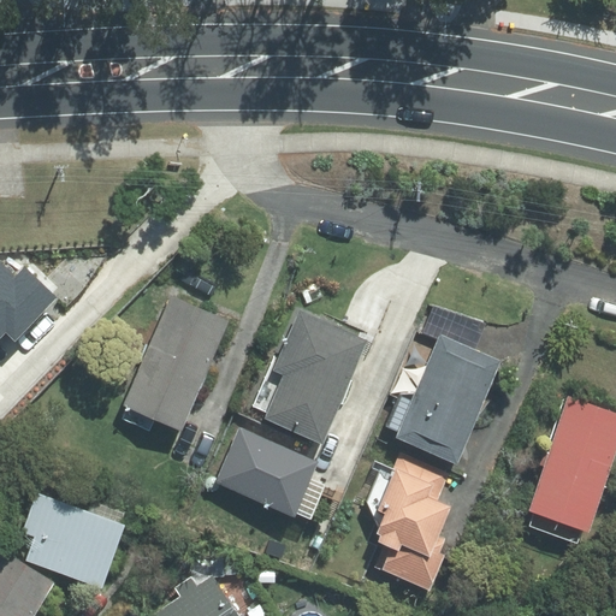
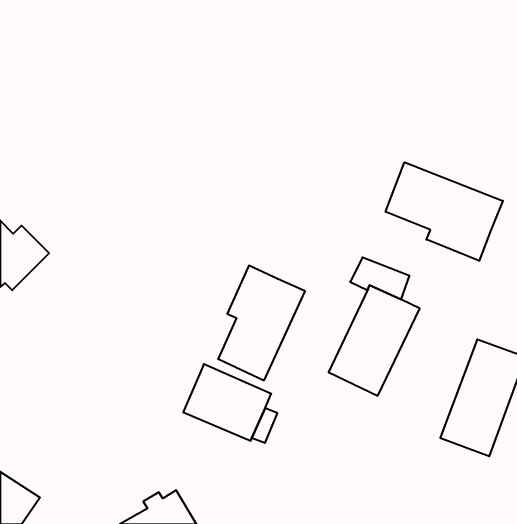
building: none -> [386,162,503,261]
building: [120,296,227,433] -> none
building: [368,452,452,591] -> none
building: [23,493,123,588] -> none

